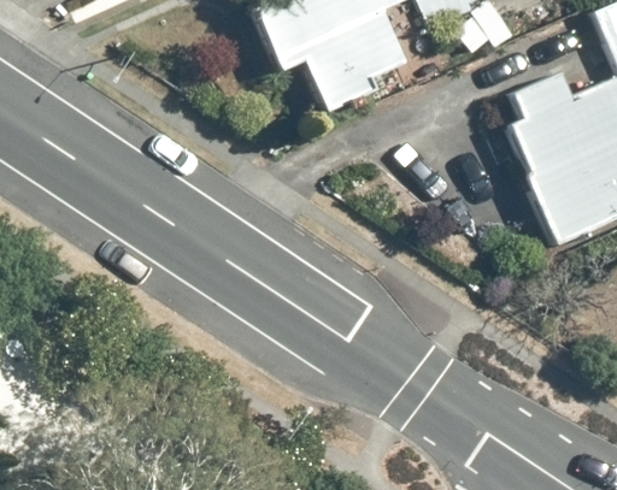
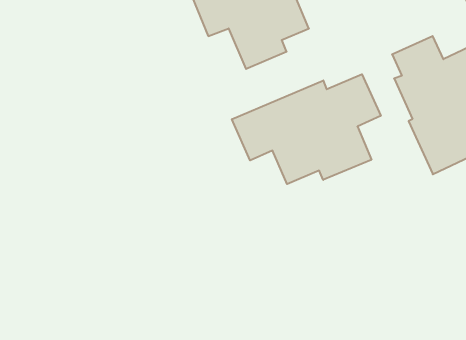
building: none -> [232,74,381,184]

